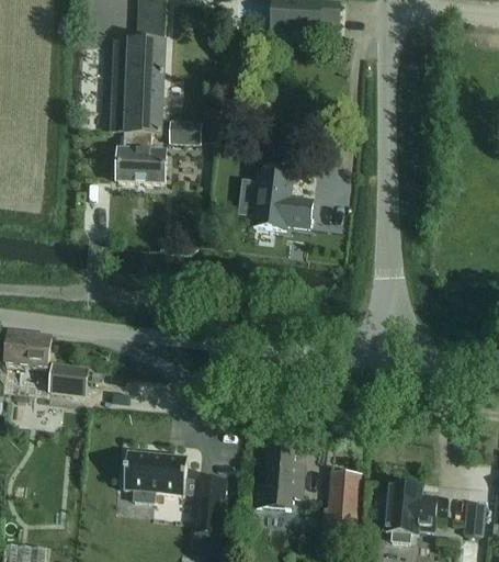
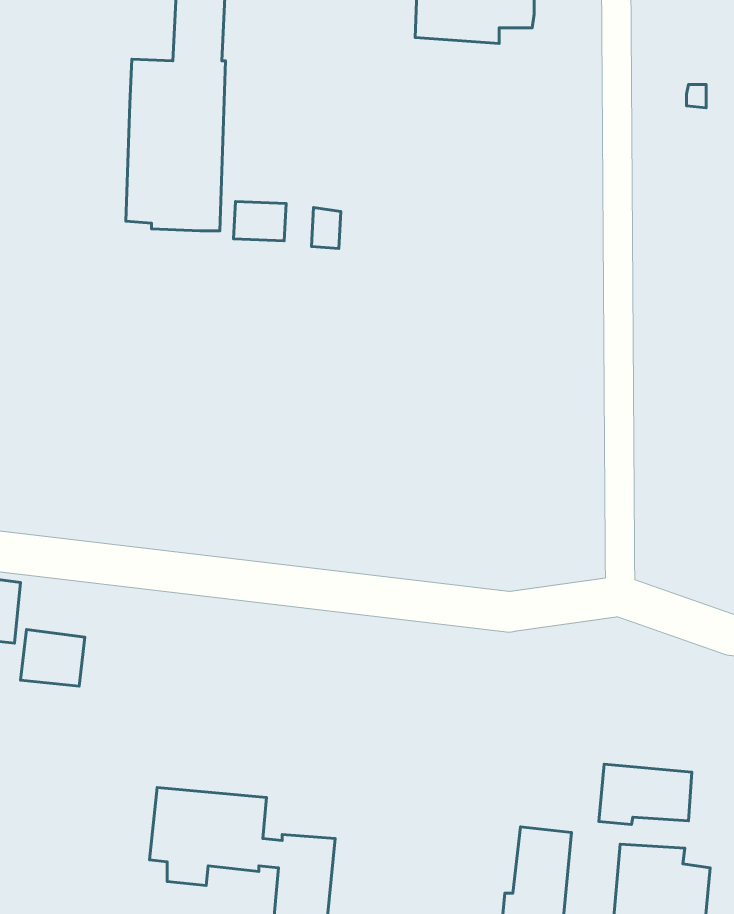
building: [115,136,166,186] -> none
building: [237,162,309,226] -> none
building: none -> [599,764,692,824]
building: [252,451,306,509] -> none

